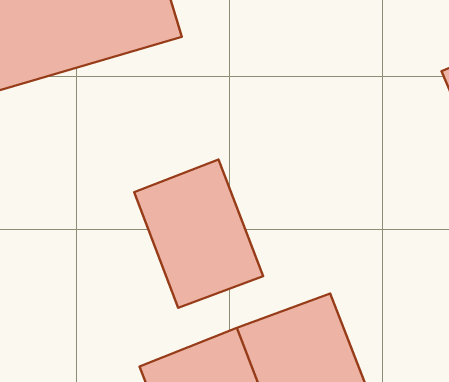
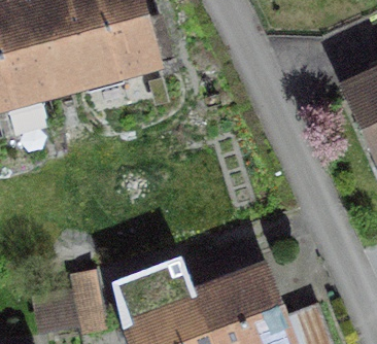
building: [134,160,263,308] -> none

